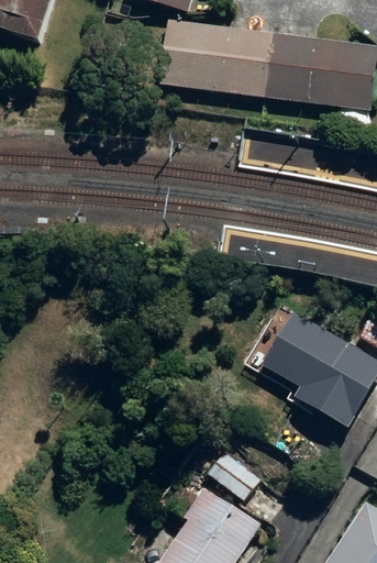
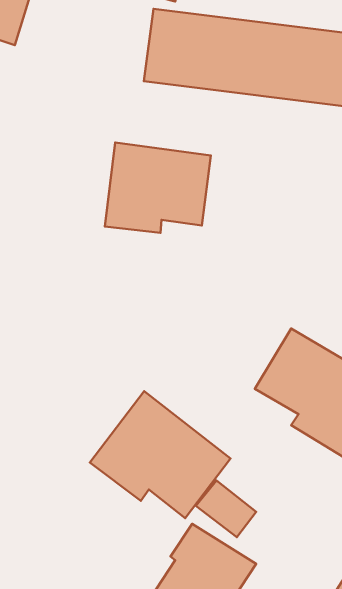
building: none -> [105,143,211,233]
building: none -> [90,391,231,518]

